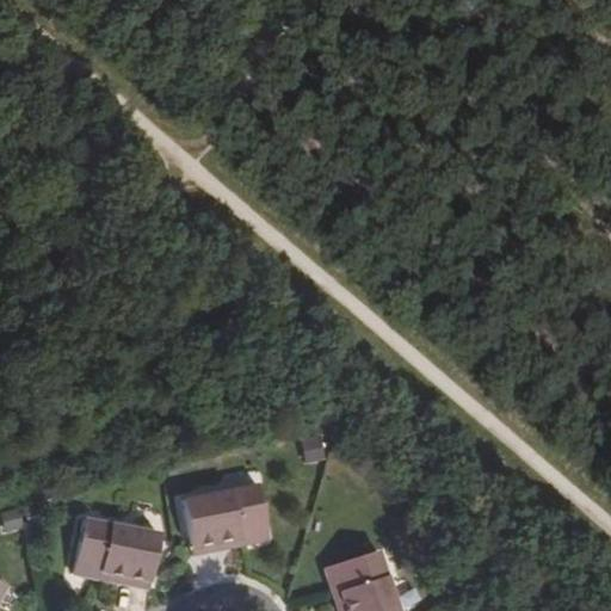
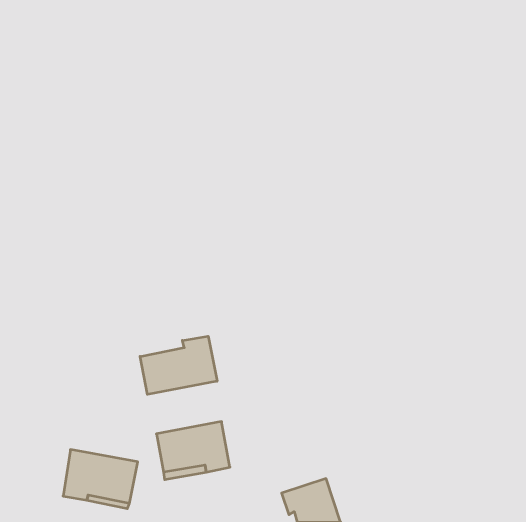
building: none -> [140,336,217,394]

